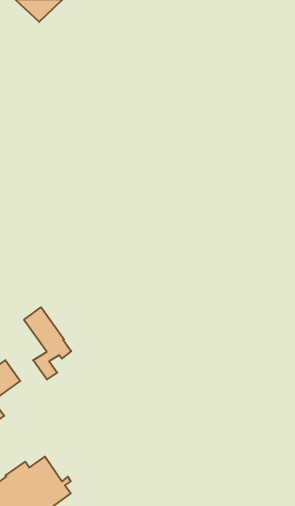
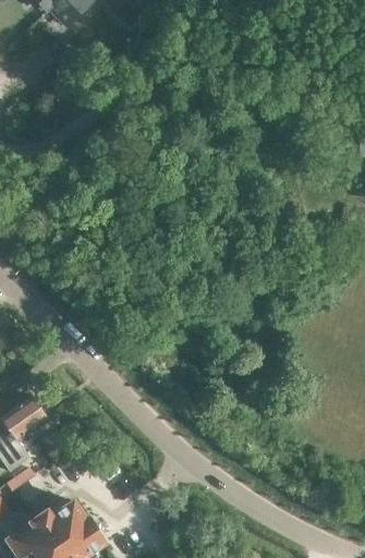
building: [24,307,71,380] -> none

